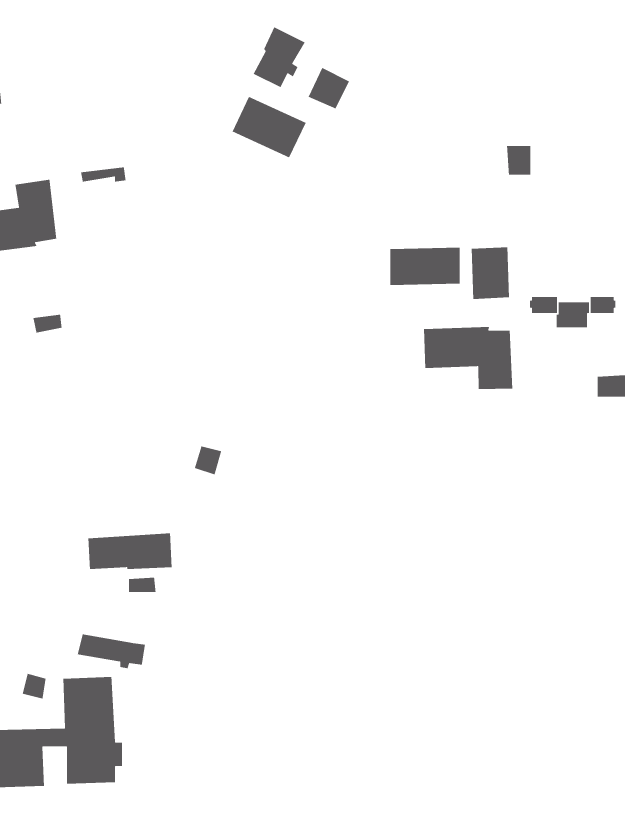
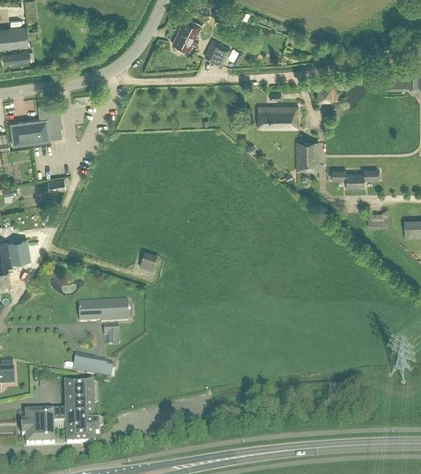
building: [231,96,307,159] -> none
building: [389,247,460,286] -> [258,106,298,129]
building: [423,326,513,390] -> none

